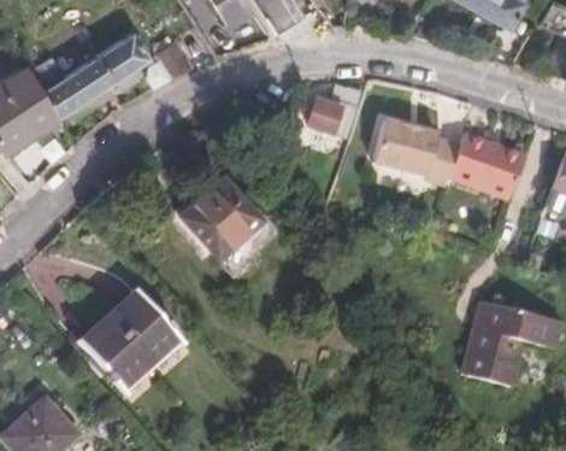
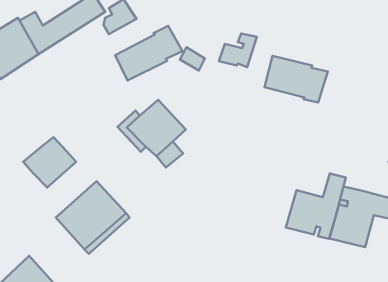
building: none -> [115,26,182,81]
building: [449,133,525,198] -> none
building: none -> [23,137,76,187]
building: none -> [286,174,346,239]

